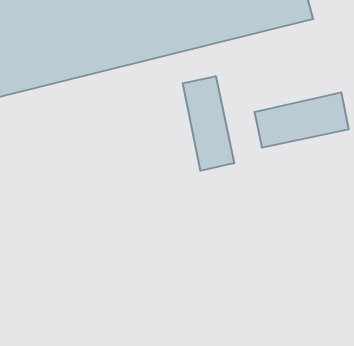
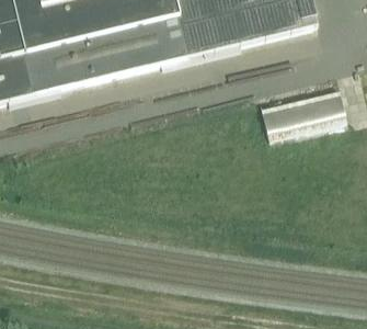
building: [183,76,234,171] -> none

